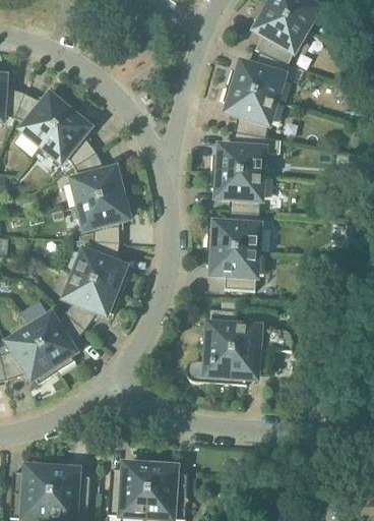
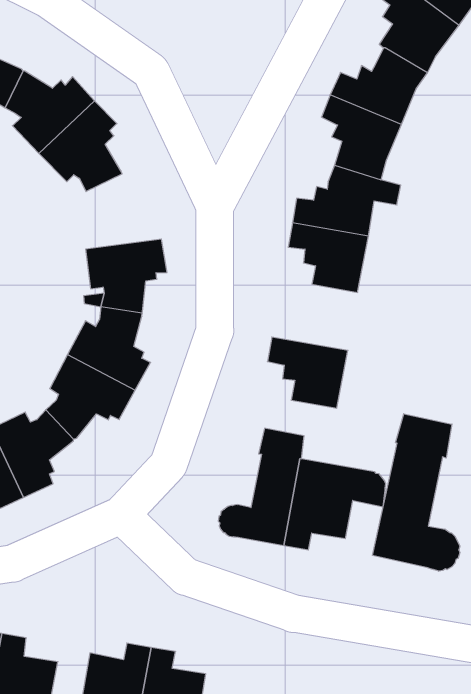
building: [72,153,127,205] -> none
building: [206,211,259,251] -> none
building: none -> [373,414,460,571]

